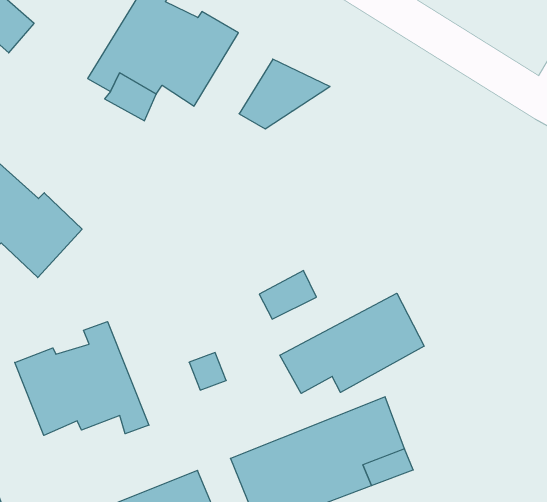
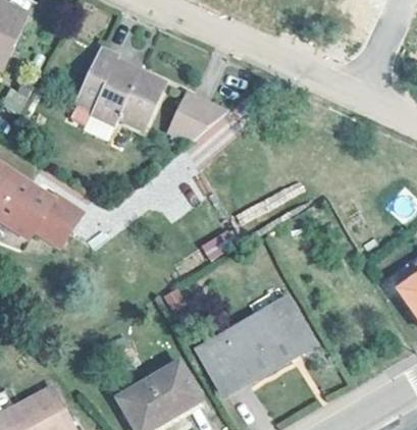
building: [280,293,424,393] -> none
building: [15,322,149,435] -> none

